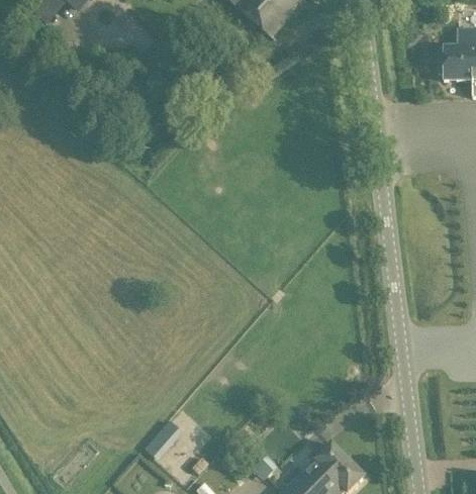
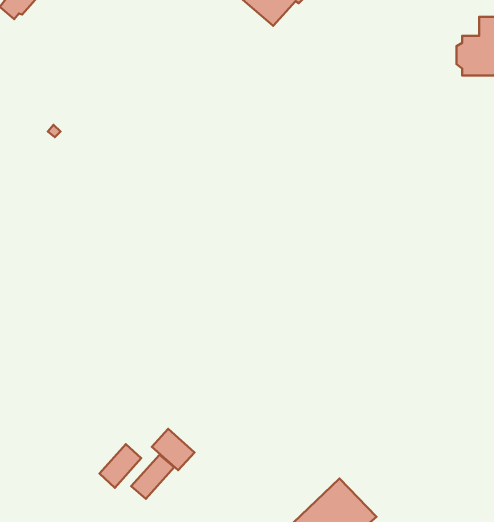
building: none -> [152,429,195,470]
building: none -> [100,444,141,488]

